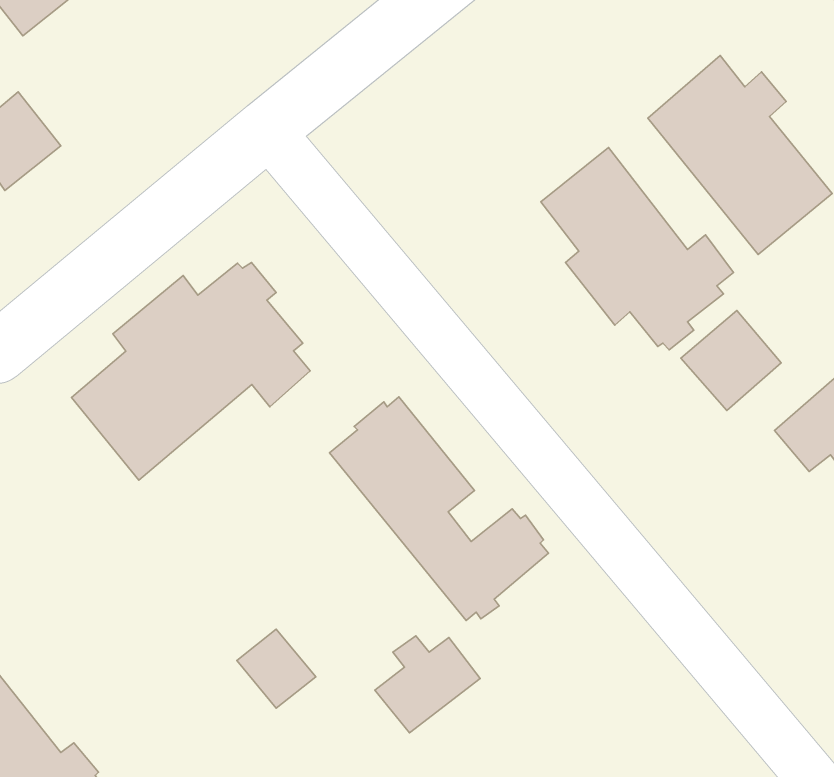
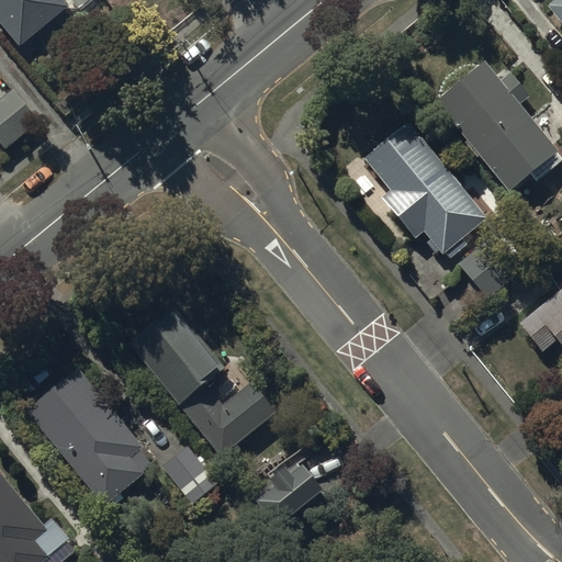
building: [72,263,310,480] -> none
building: [330,397,548,620] -> [128,307,274,457]
building: none -> [25,370,155,506]

